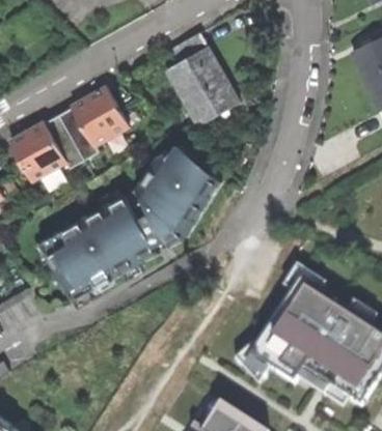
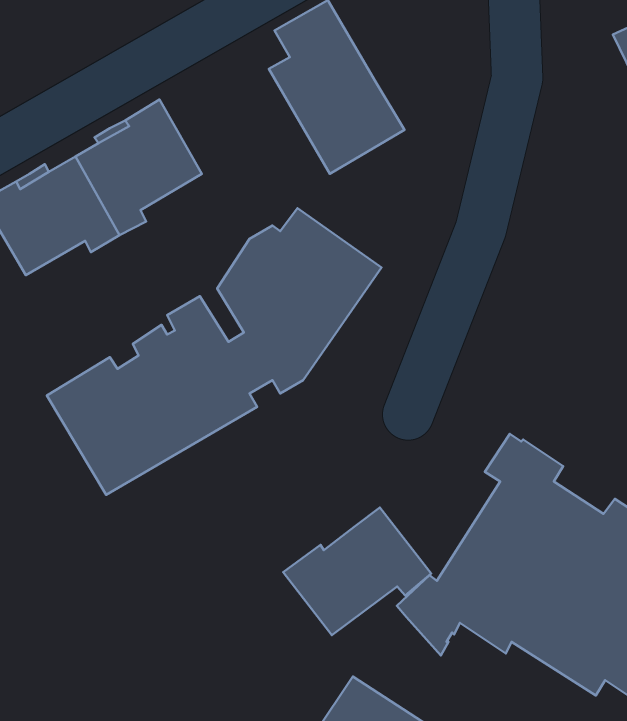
building: none -> [283,507,431,635]

